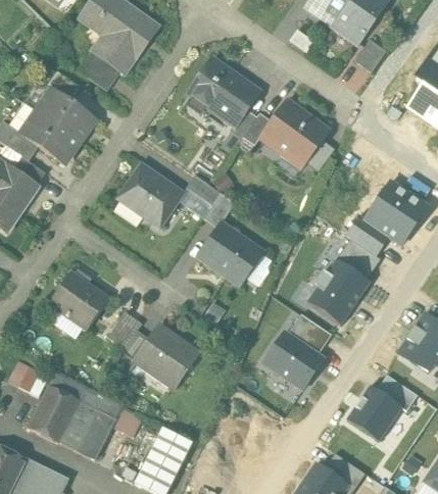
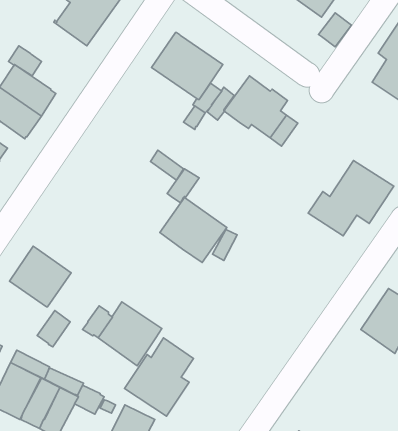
building: [77,49,121,91] -> none
building: [117,162,184,227] -> none
building: [295,237,379,318] -> none
building: [108,311,141,347] -> [37,311,70,347]
building: [261,313,330,391] -> [124,338,193,416]
building: [347,375,417,440] -> none

